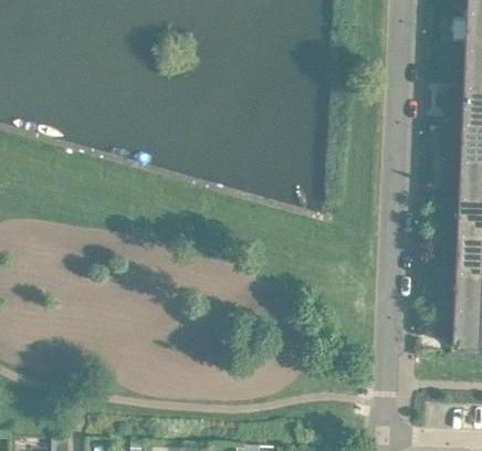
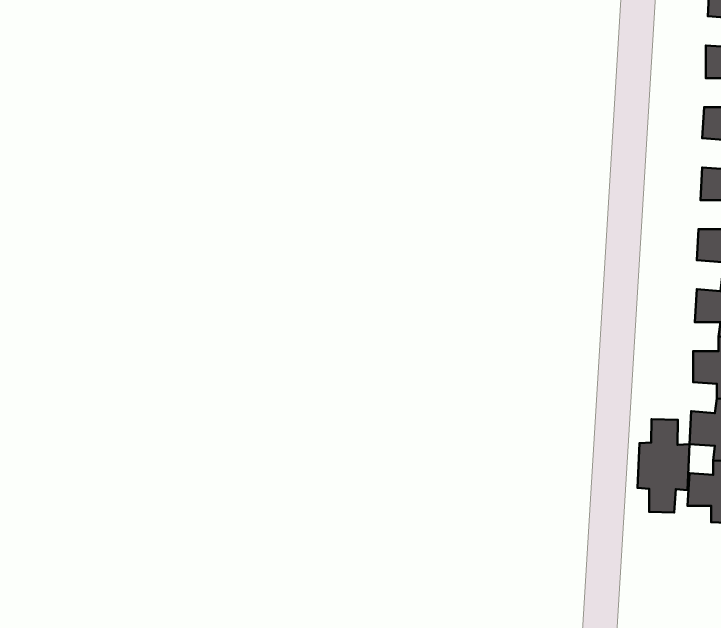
building: none -> [638,419,689,512]

